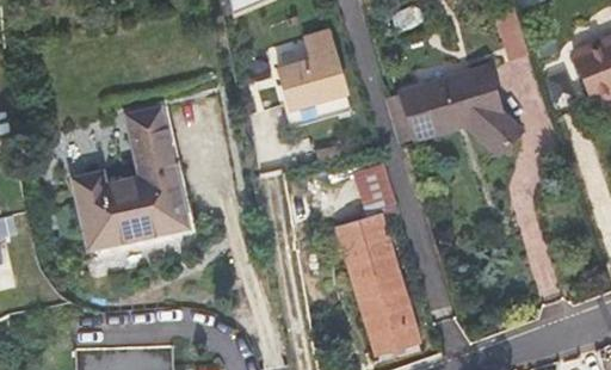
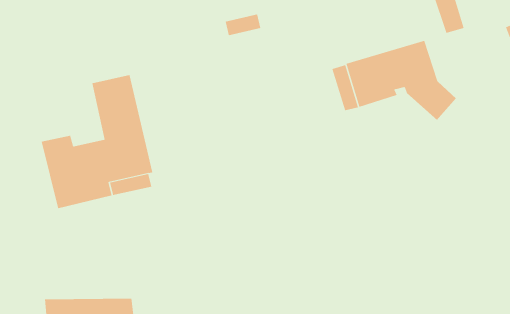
building: [283,33,350,109] -> none
building: [337,165,420,356] -> none

